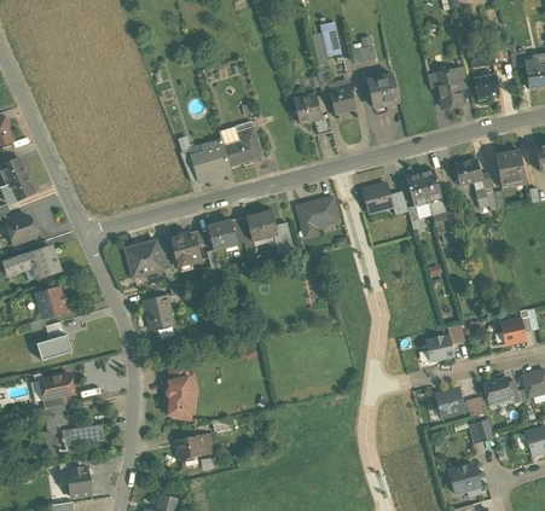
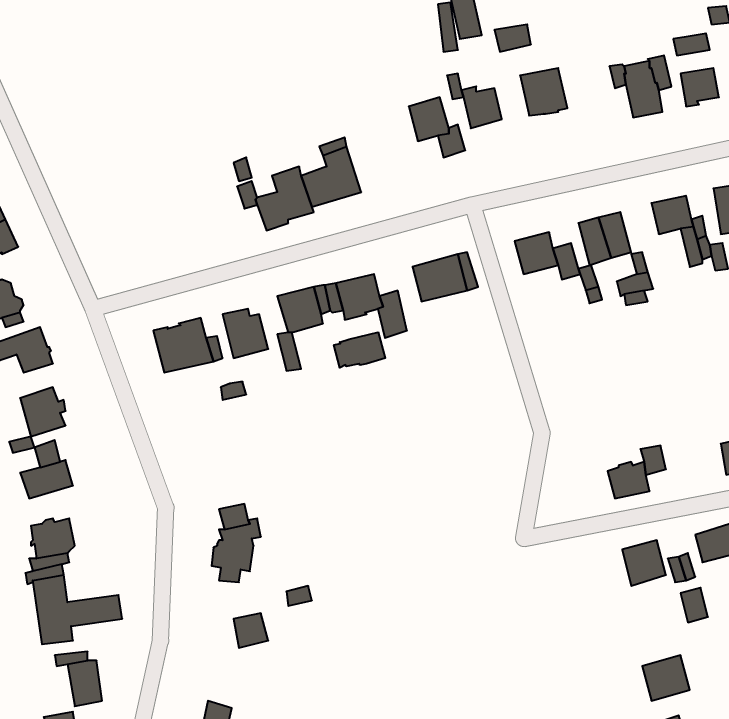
building: none -> [334,332,385,368]
building: [144,295,173,330] -> none

